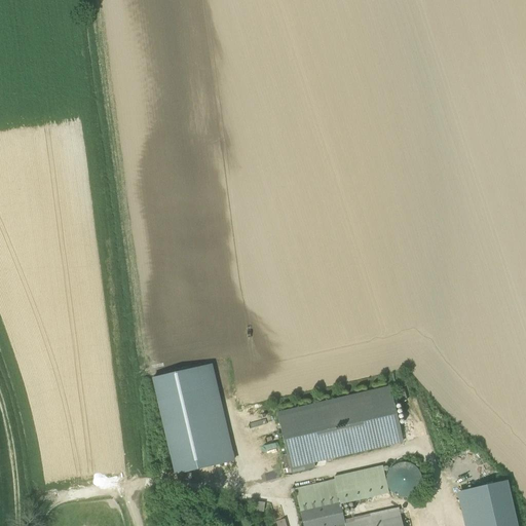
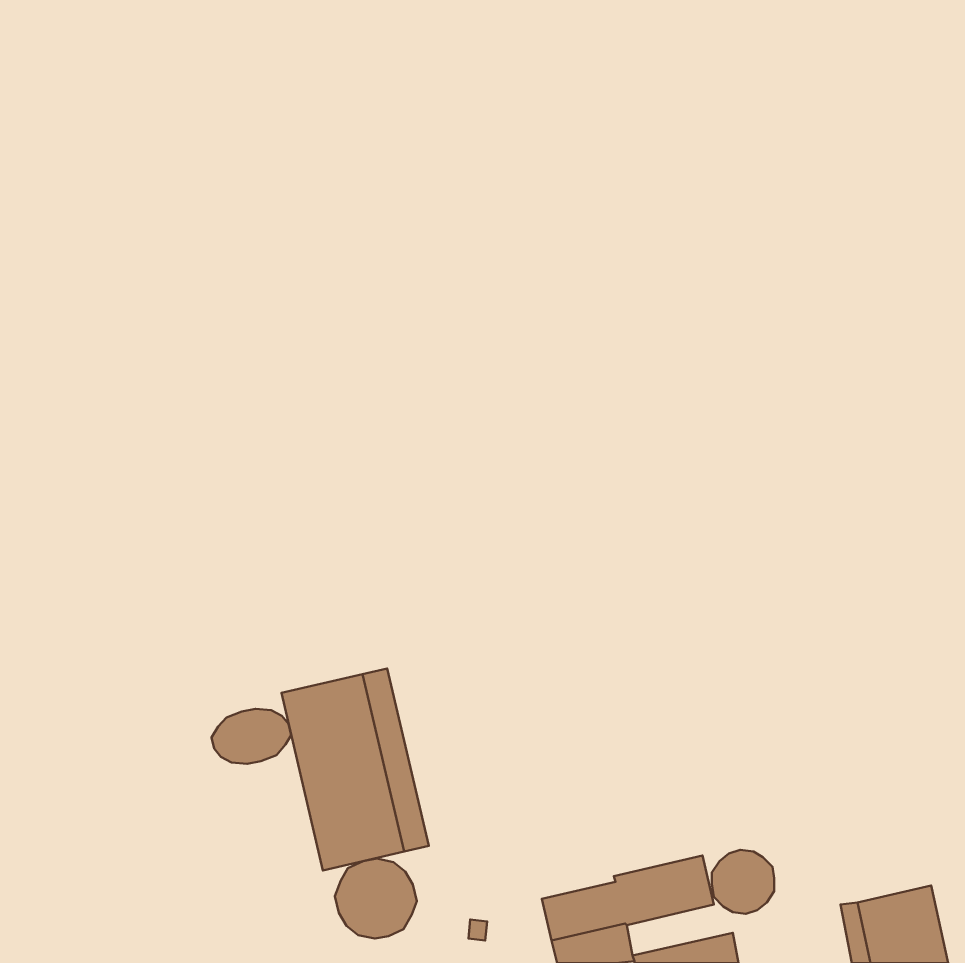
building: none -> [211,709,291,764]
building: [277,386,403,473] -> none
building: none -> [335,859,417,939]

